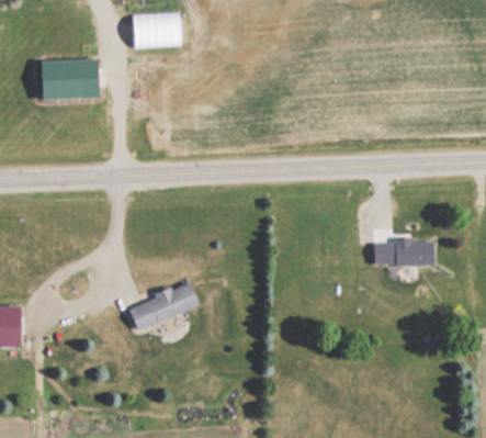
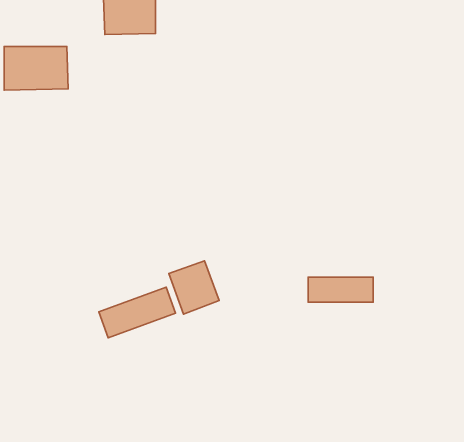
building: [374,242,434,265] -> [308,277,373,302]
building: none -> [169,261,219,314]

